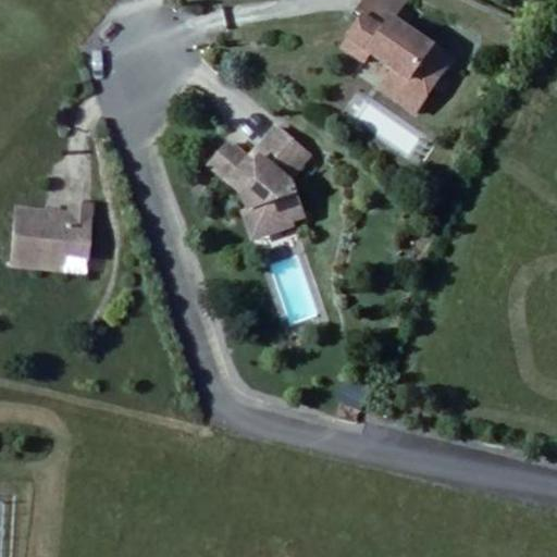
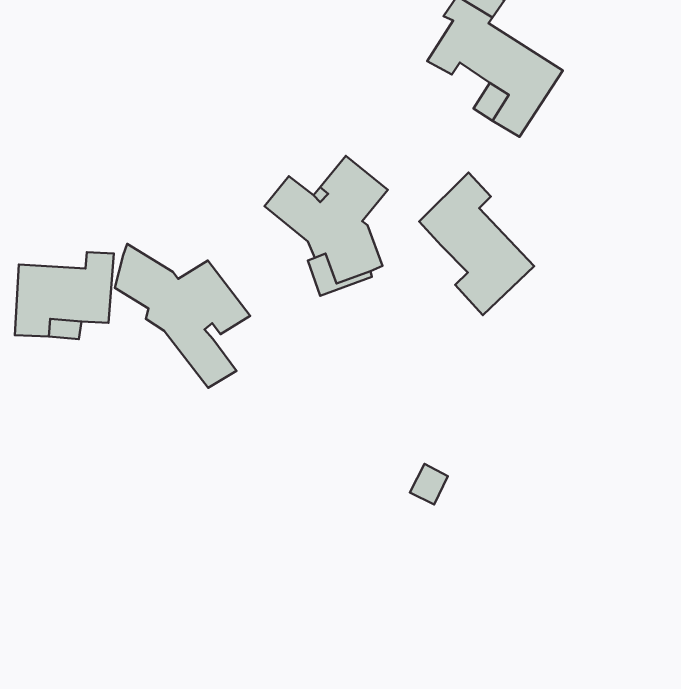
building: none -> [419,172,534,315]
building: none -> [115,244,250,388]

